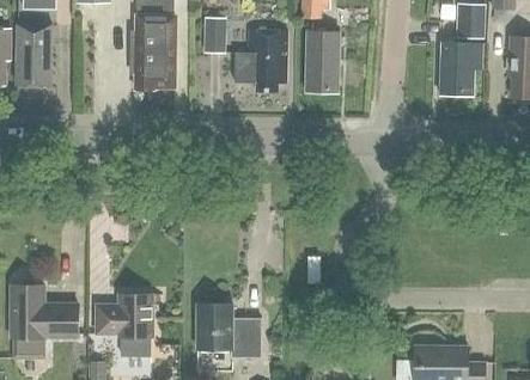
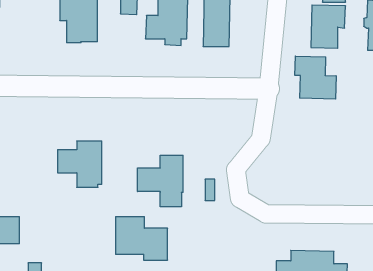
building: none -> [295,56,336,99]
building: none -> [138,155,183,207]
building: [96,293,151,350] -> [58,141,102,187]

